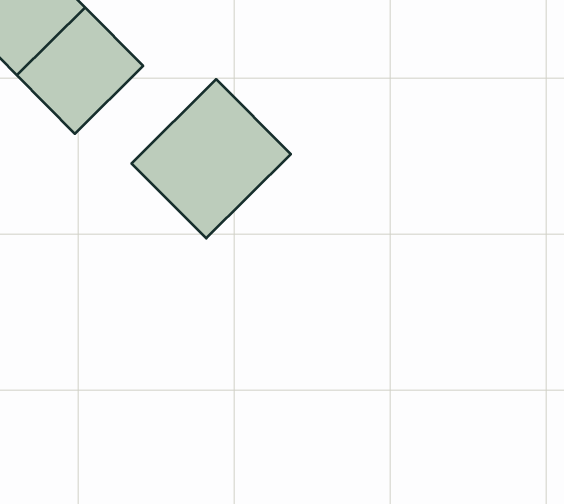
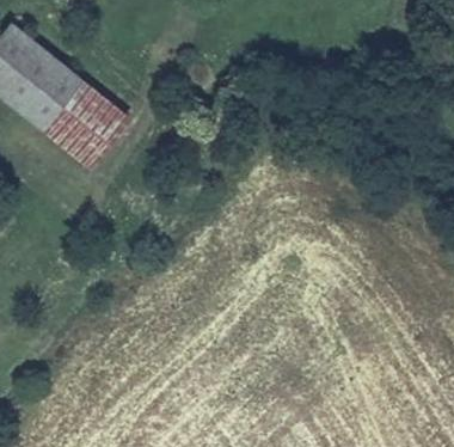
building: [132,79,291,238] -> none

